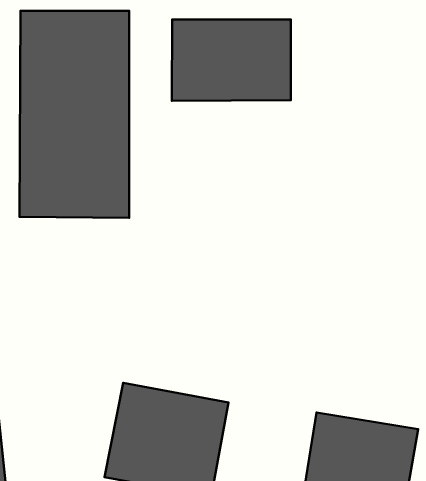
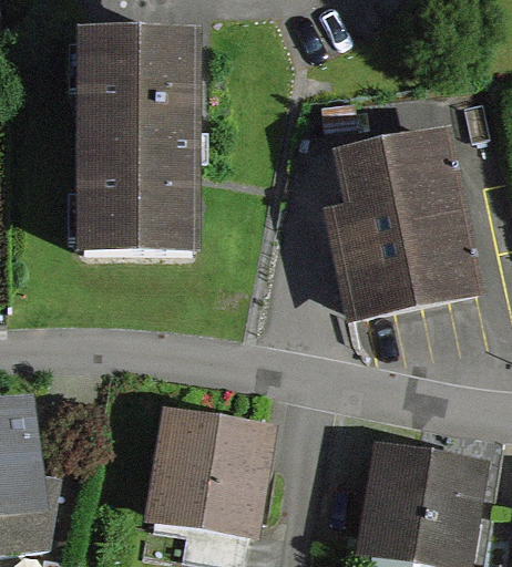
building: [172,19,291,101] -> none
building: none -> [331,137,484,320]

